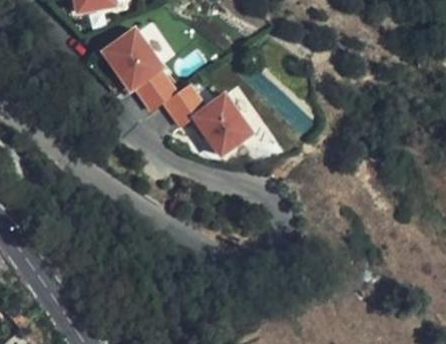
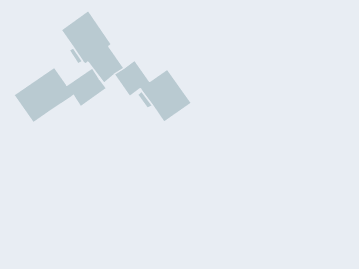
building: none -> [14,67,107,123]

